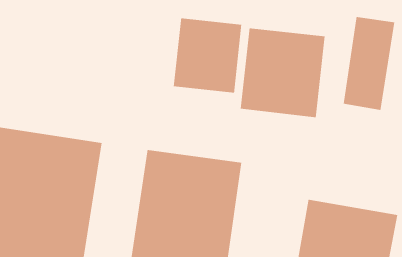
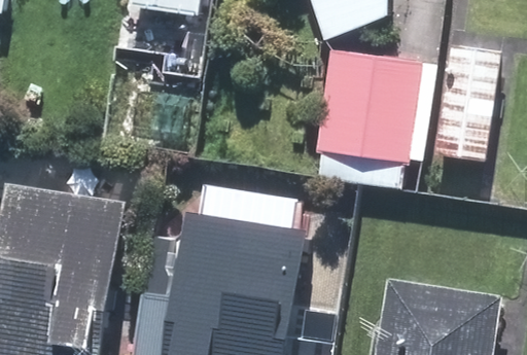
building: [173,18,242,94] -> none

